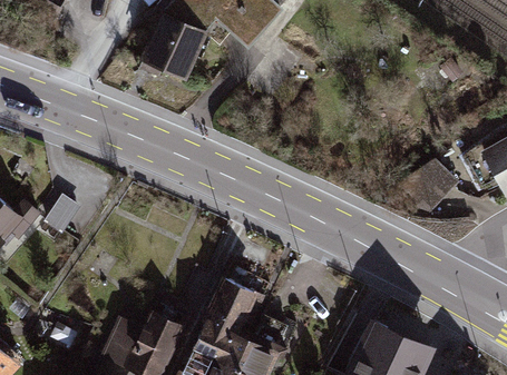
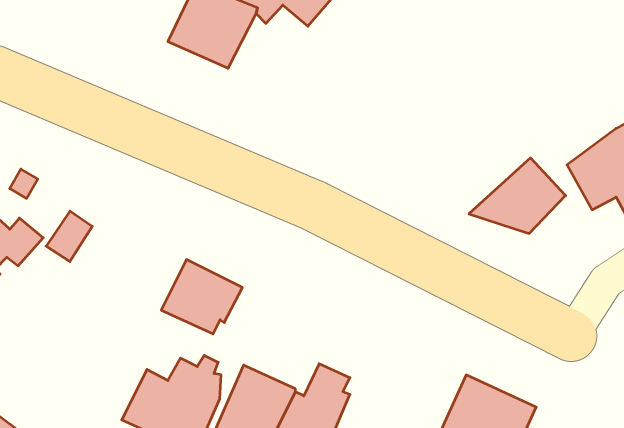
building: [199,276,264,335] -> [161,260,242,334]

